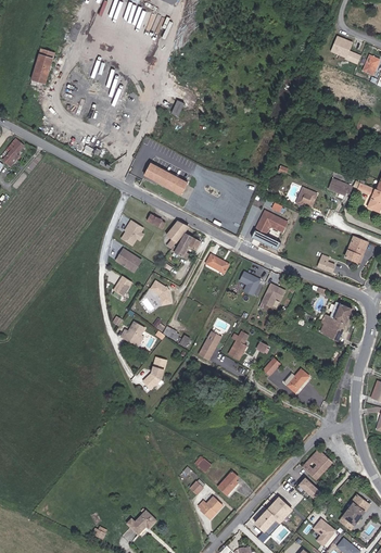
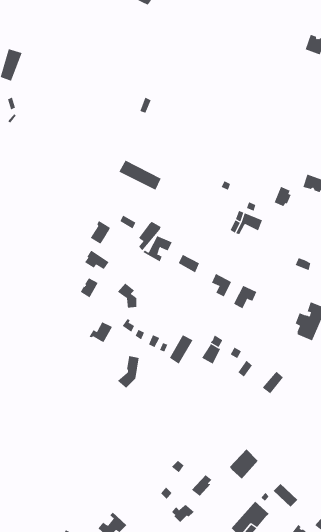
building: [303,452,332,482] -> [229,449,259,479]

